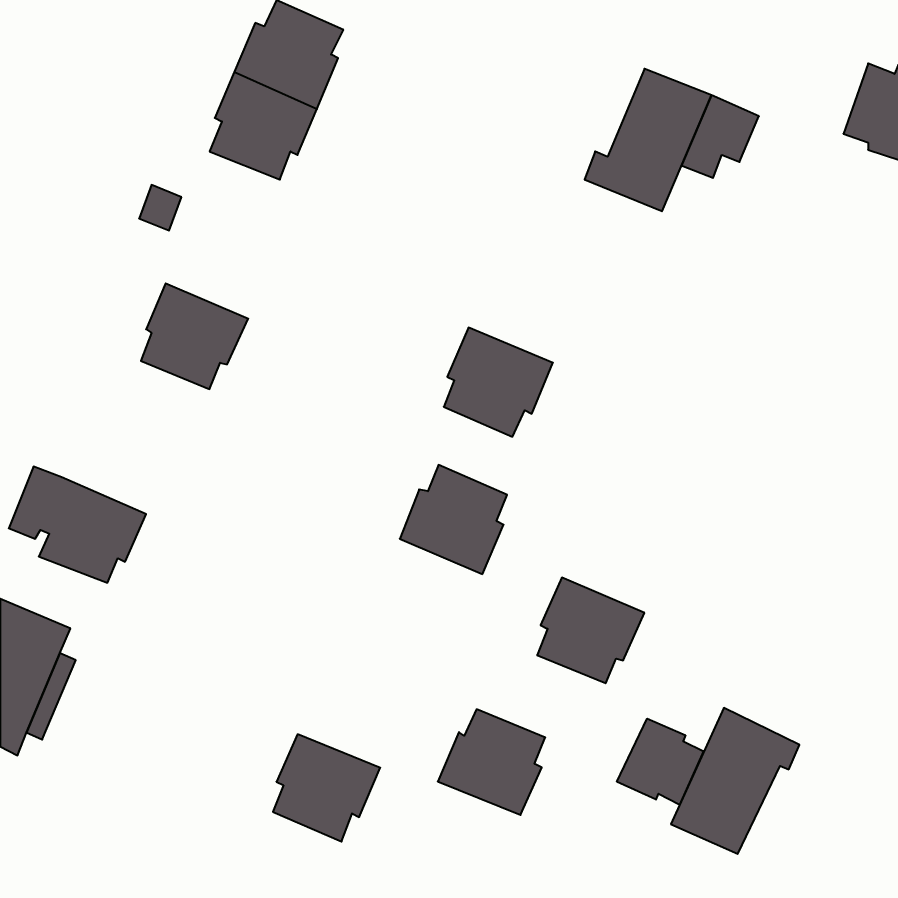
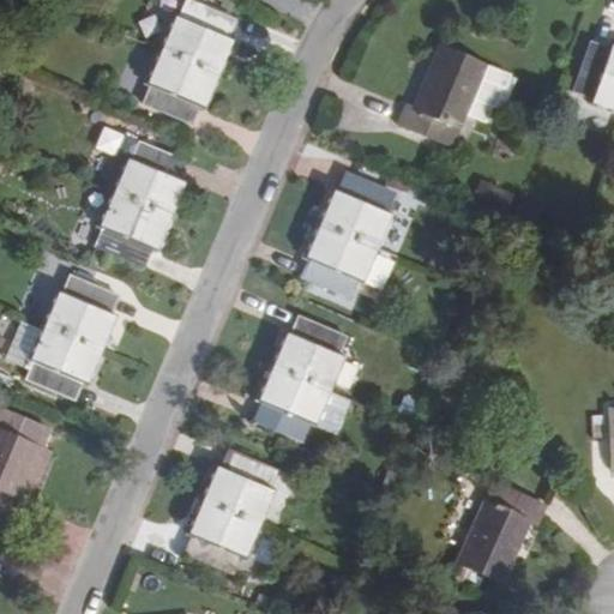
building: none -> [114,142,186,217]
building: none -> [320,173,411,251]
building: none -> [43,276,118,350]
building: [537,578,644,683] -> [257,367,330,439]
building: [438,709,545,815] -> [204,451,277,523]
building: [617,719,704,805] -> none

